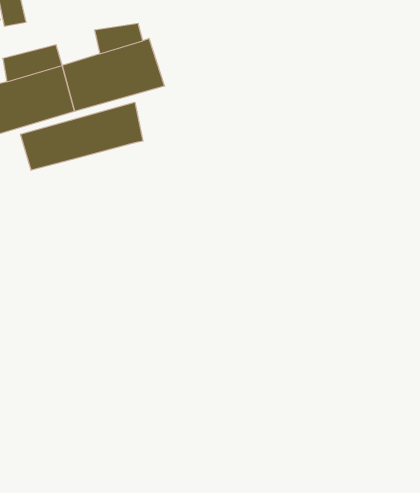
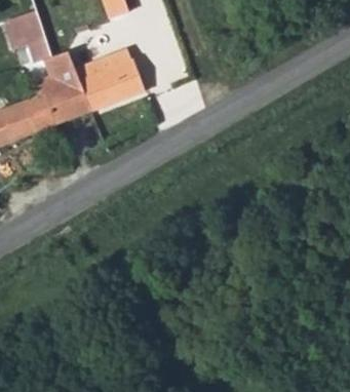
building: [21,102,143,170] -> none

